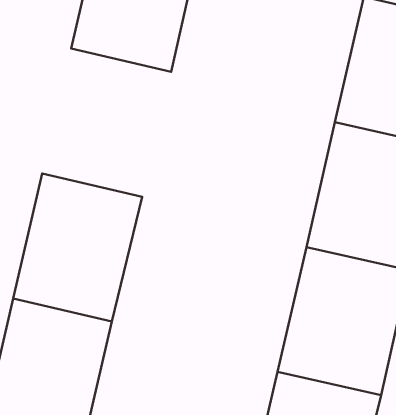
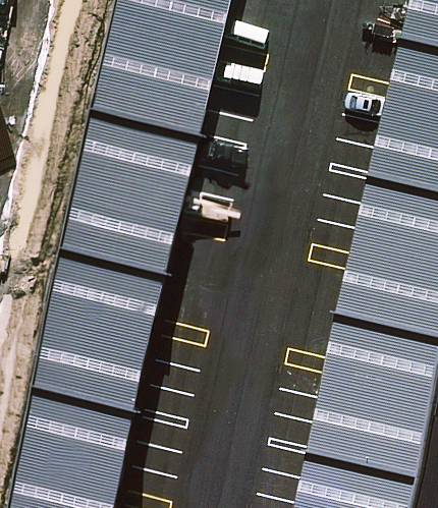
building: none -> [63,102,199,258]

